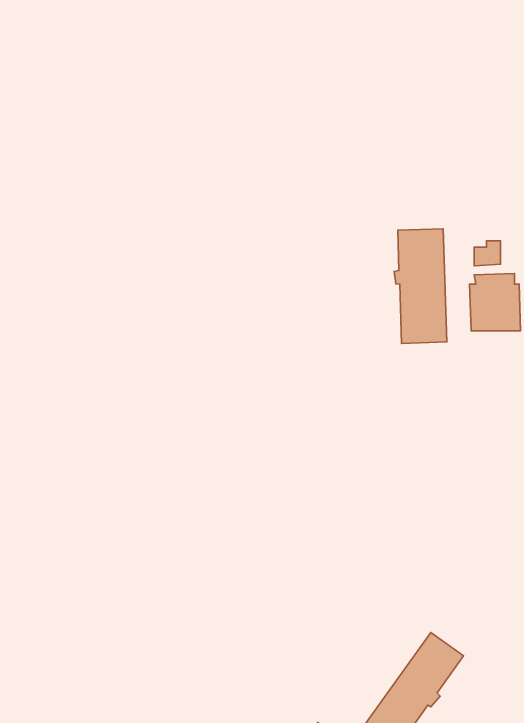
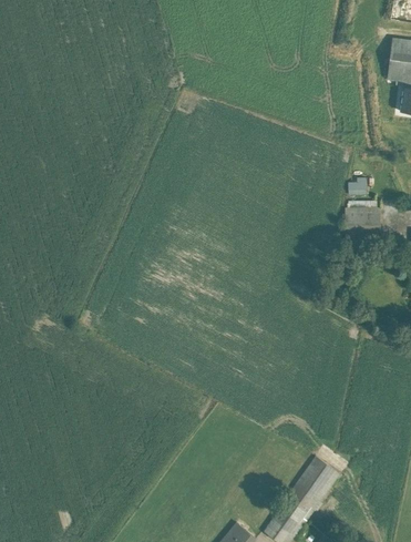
building: [394,229,447,343] -> none

